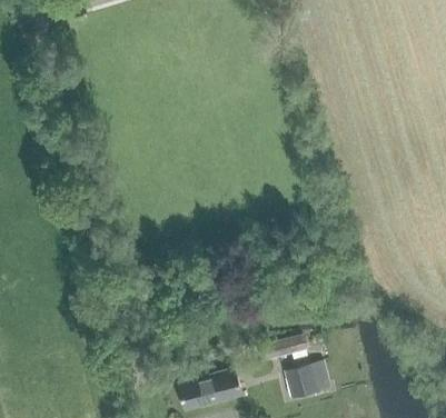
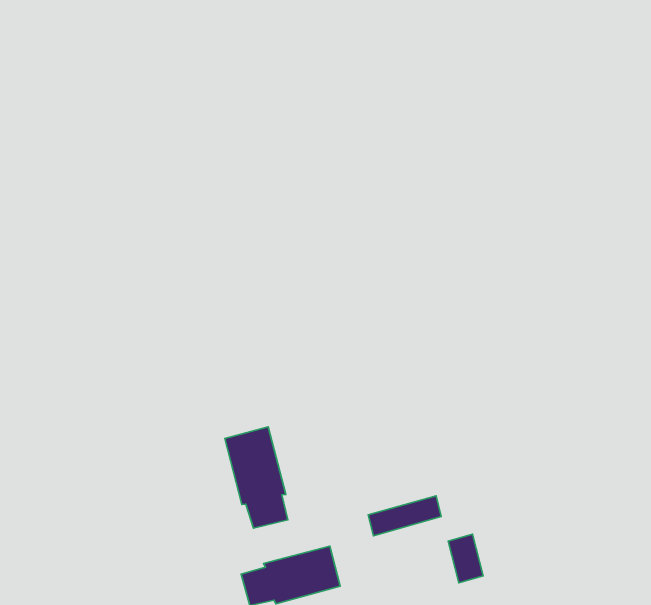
building: none -> [225,427,288,528]
building: [287,366,316,398] -> none

